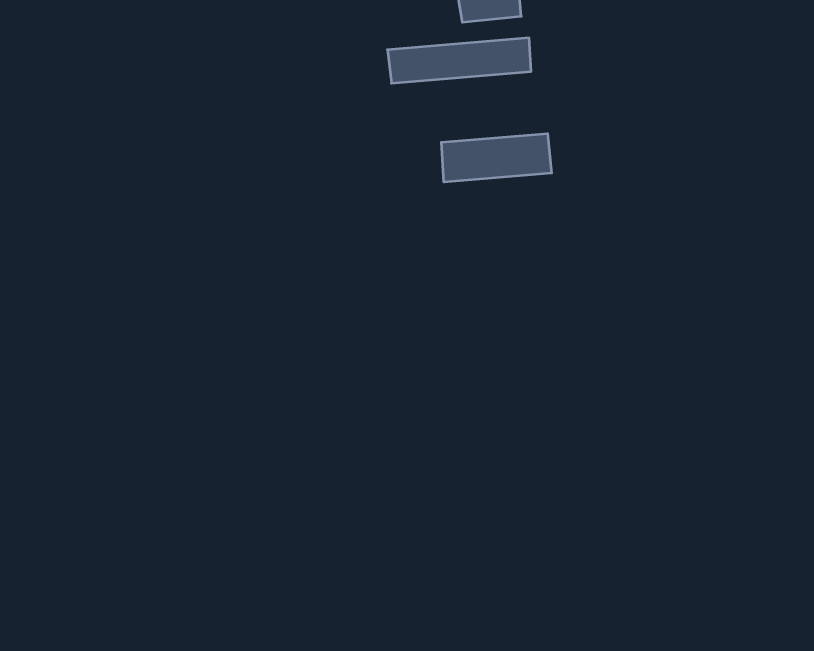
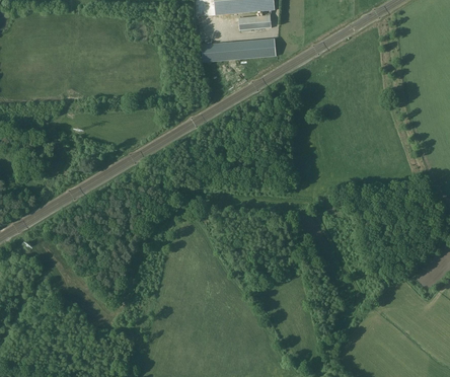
building: [441,134,552,182] -> none

